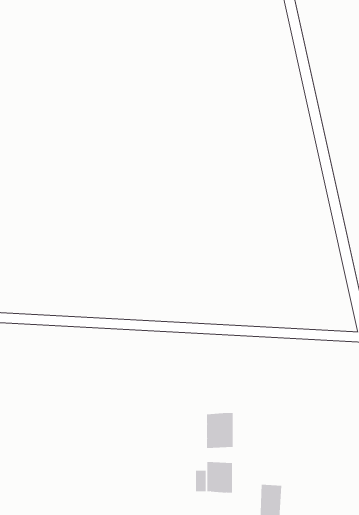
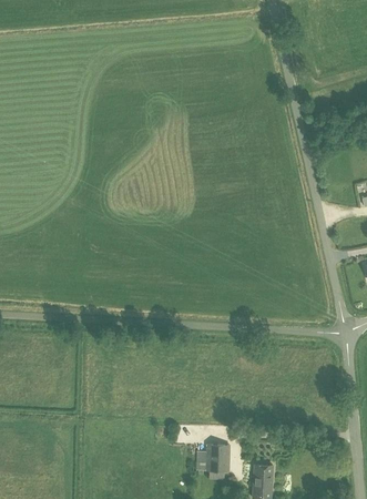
building: [207,412,233,449] -> none

